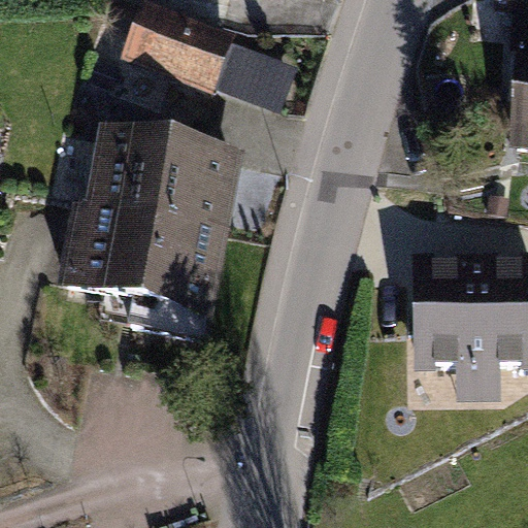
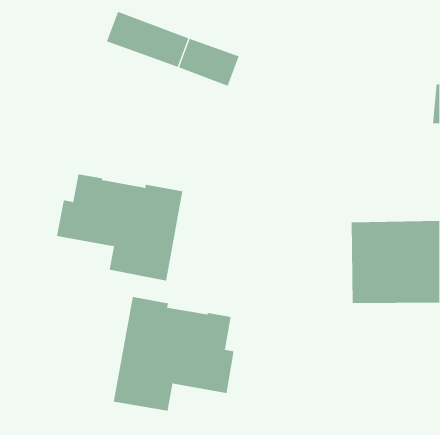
building: [93,128,232,228] -> none
building: none -> [113,296,234,412]

